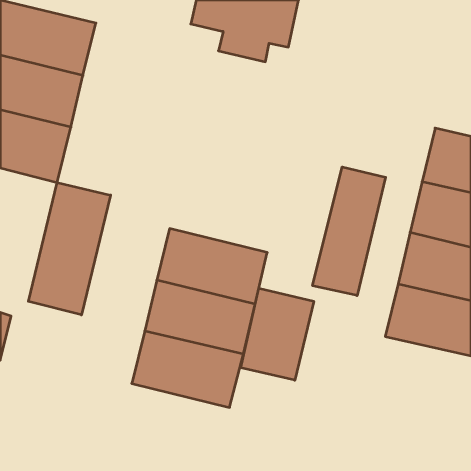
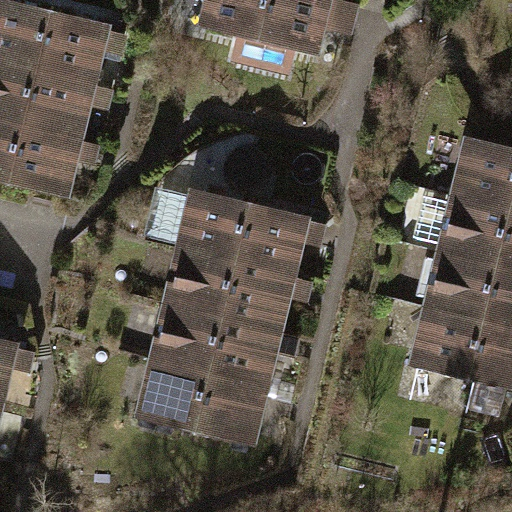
building: [313,167,386,296] -> none
building: none -> [184,191,304,274]
building: [28,183,111,315] -> none
building: [241,288,314,380] -> none

